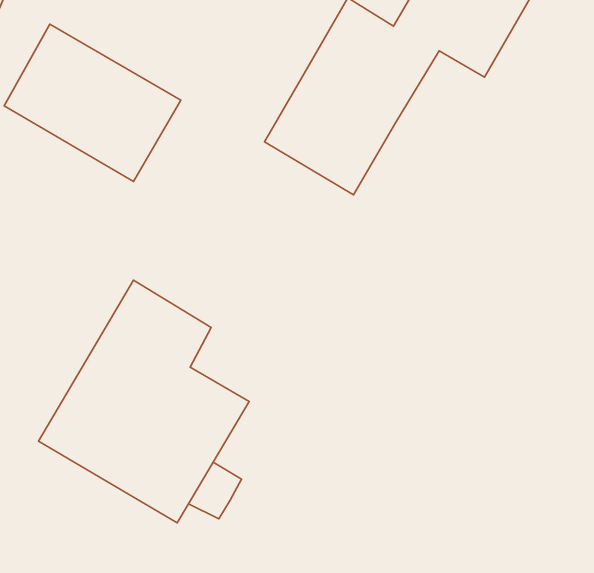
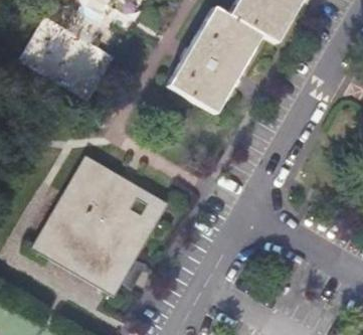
building: none -> [120,180,163,219]

